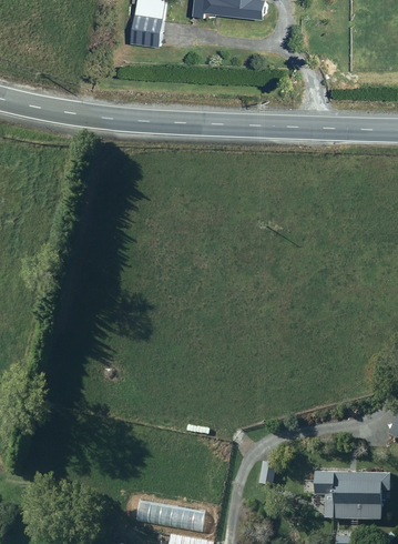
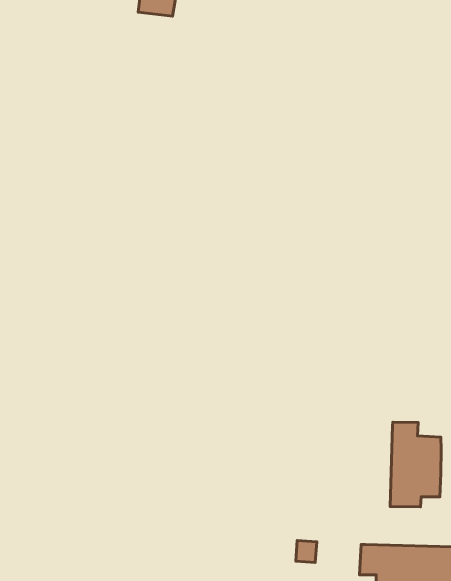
building: none -> [390,422,441,507]

